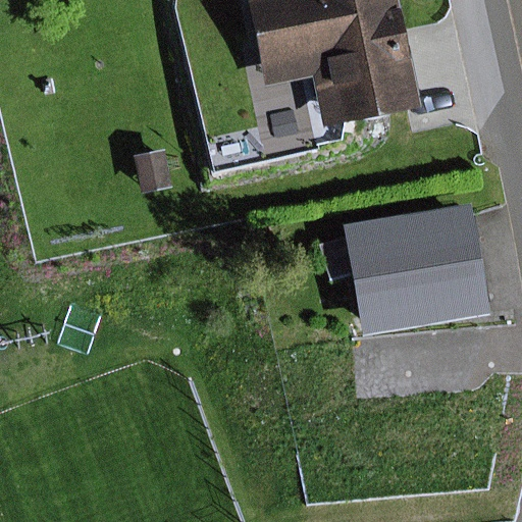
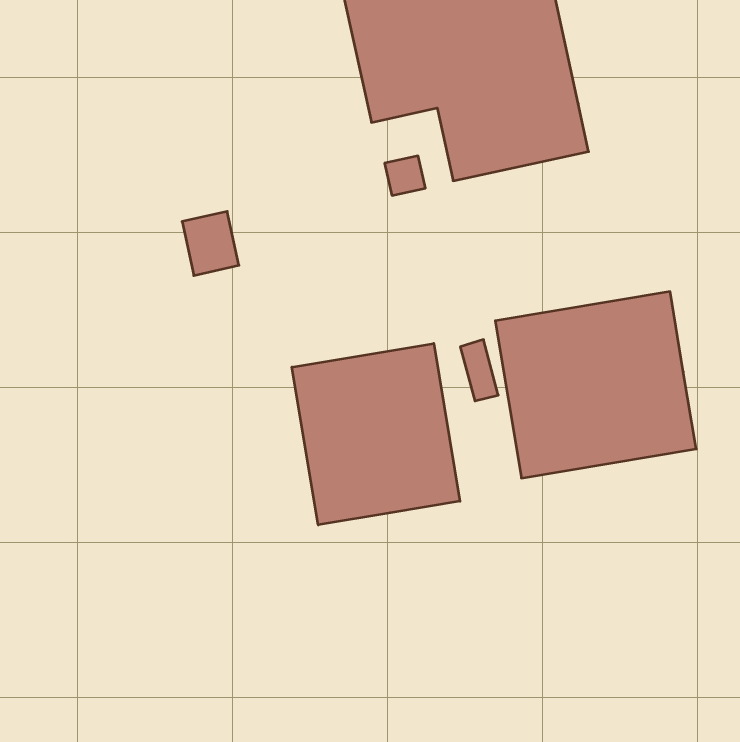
building: none -> [292,343,460,525]

